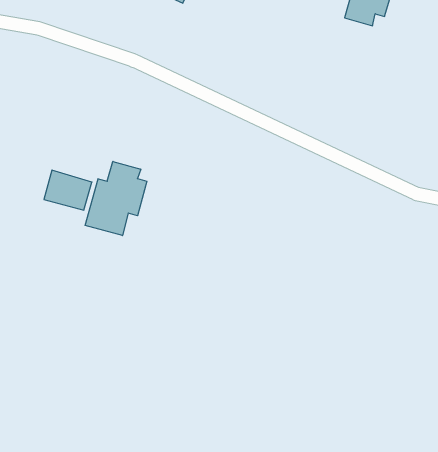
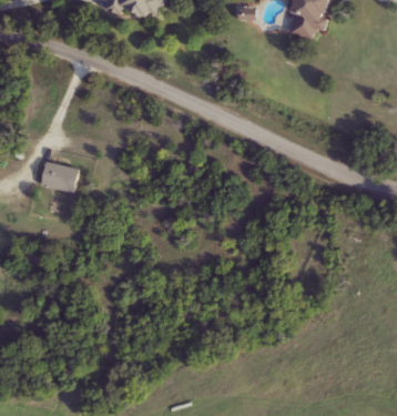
building: [85,161,147,236] -> none

